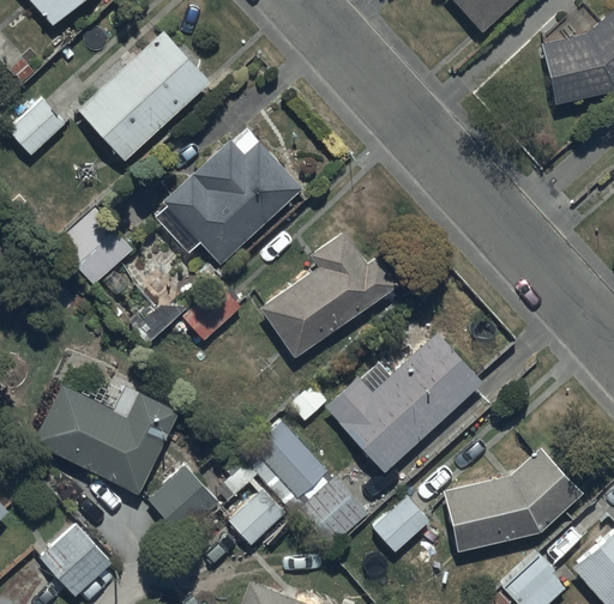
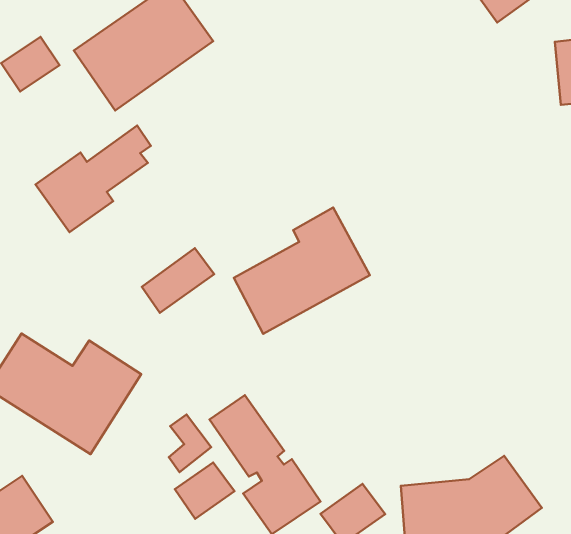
building: [164,129,301,265] -> none
building: [325,333,483,472] -> none
building: [151,467,217,534] -> none

